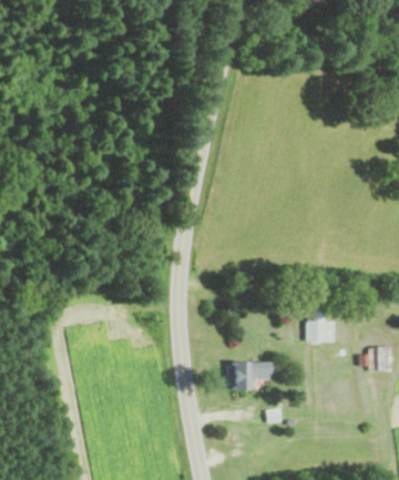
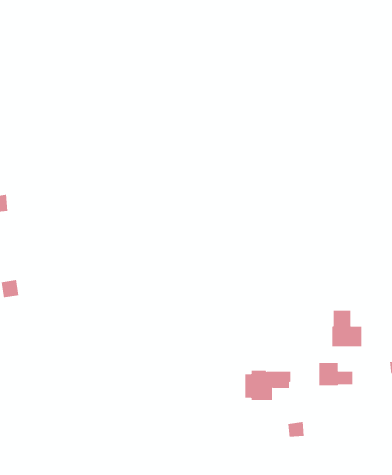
building: none -> [319,362,353,386]

